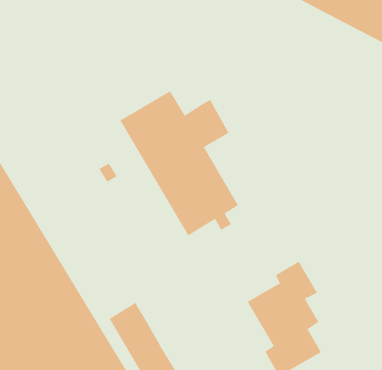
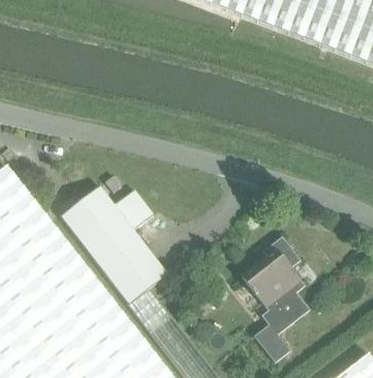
building: [120,91,239,236] -> [60,185,168,304]

